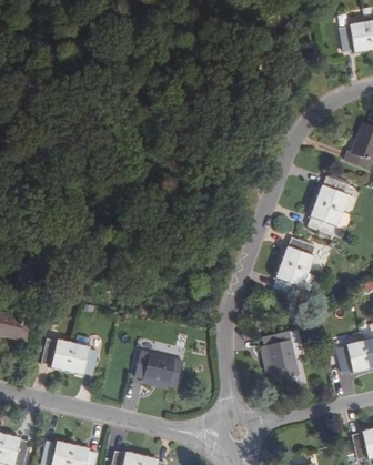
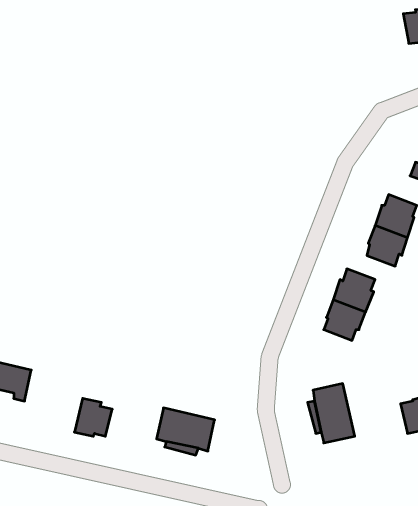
building: [42,338,73,371] -> none

